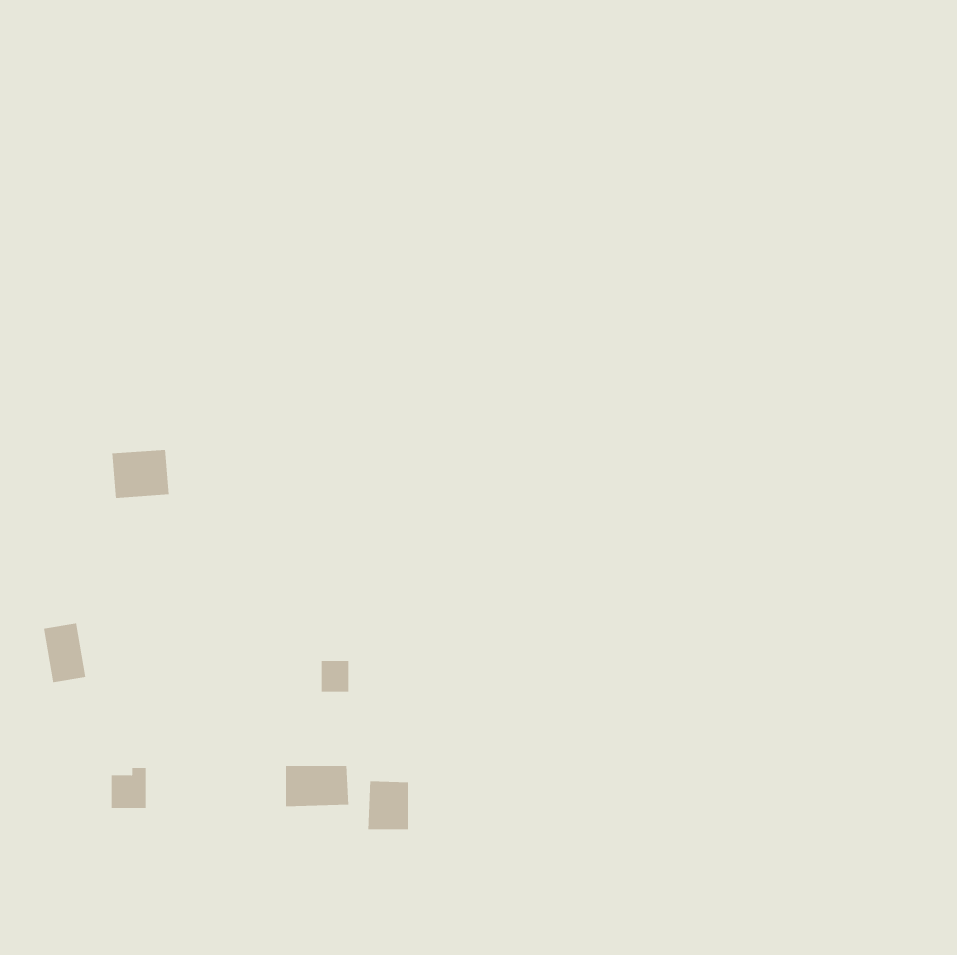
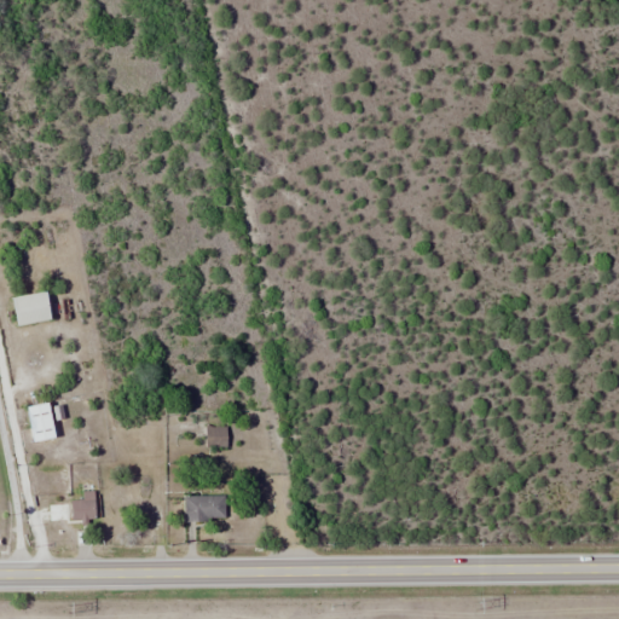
building: [111,450,170,498] -> [15,291,52,323]
building: [368,780,409,830] -> none

